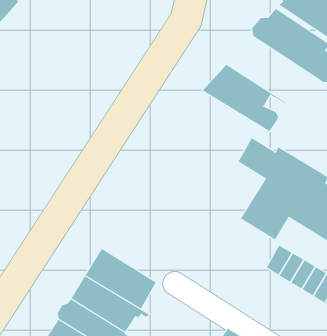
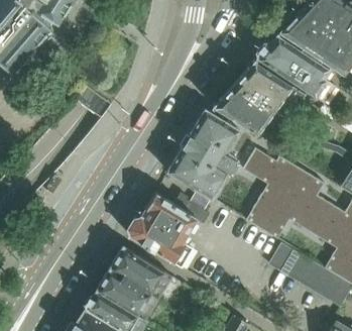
building: none -> [233,61,304,118]
building: none -> [166,111,239,200]
building: none -> [127,193,209,267]

